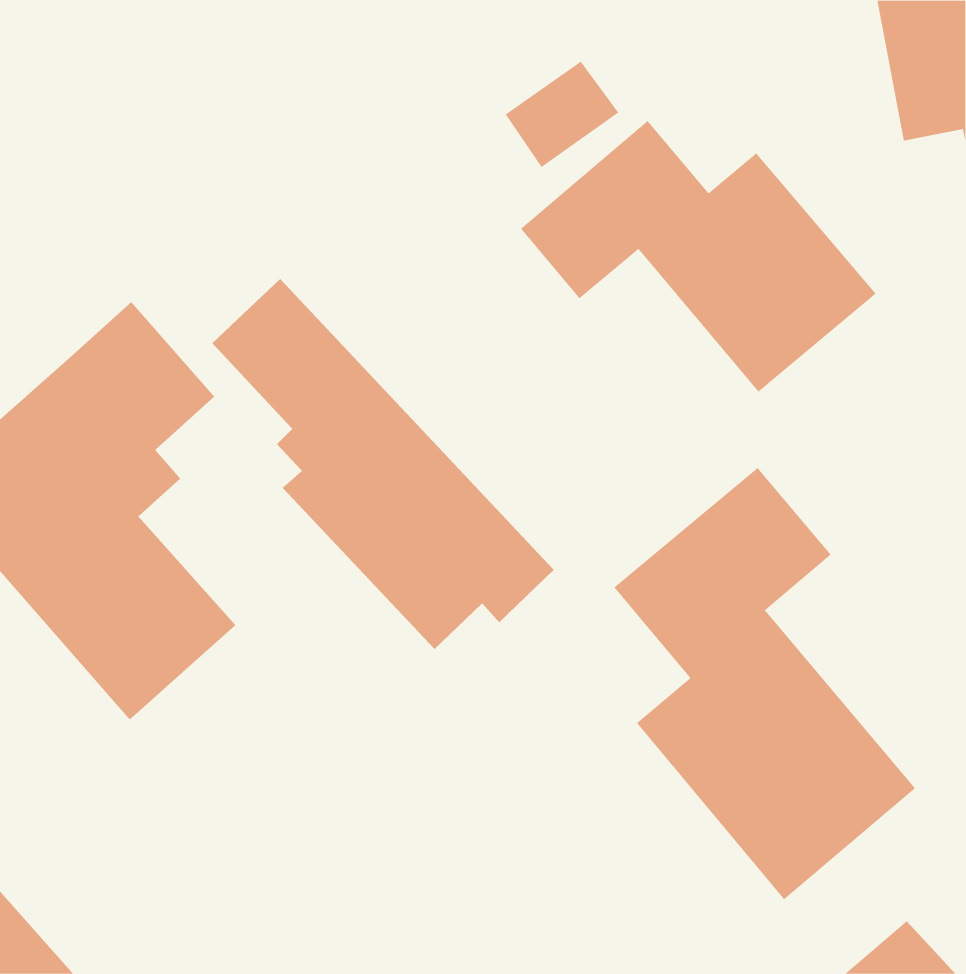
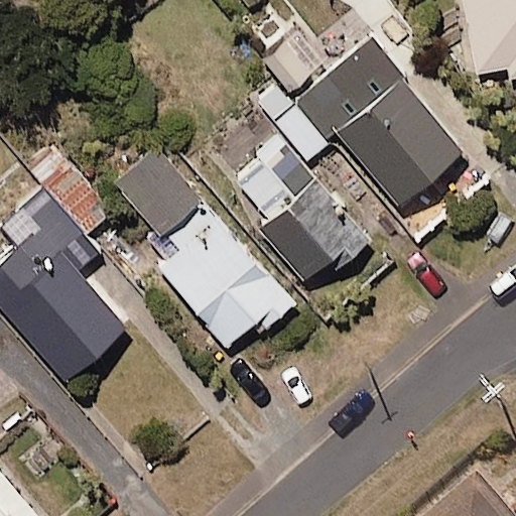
building: none -> [224,136,367,288]
building: [613,467,916,900] -> none

